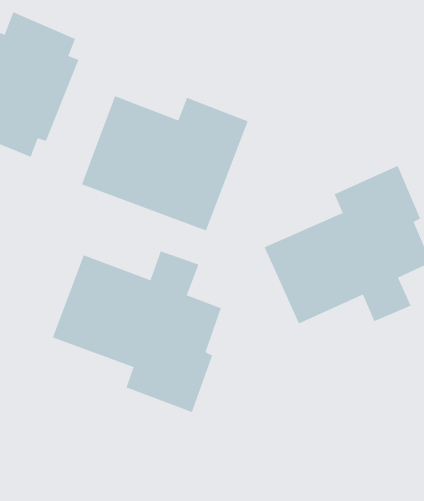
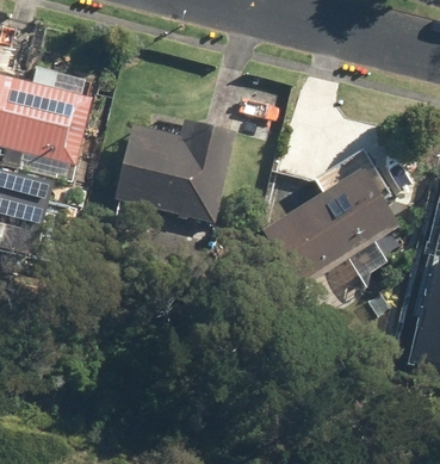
building: [52,251,222,413] -> none

